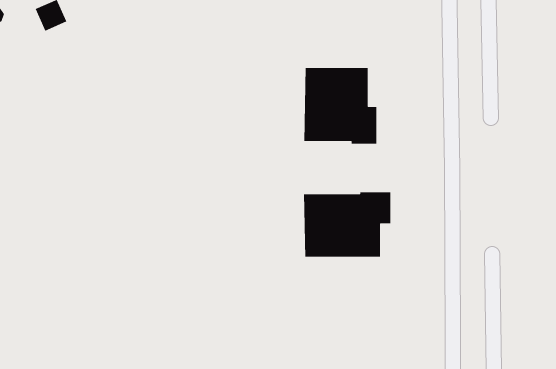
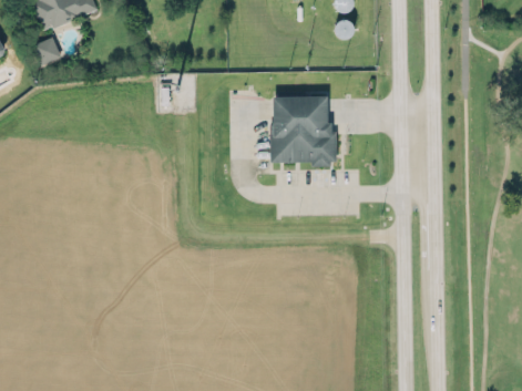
building: [303,191,391,258] -> none

